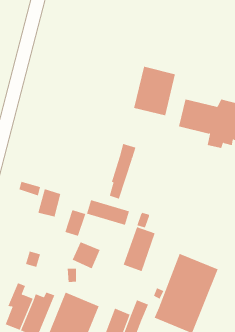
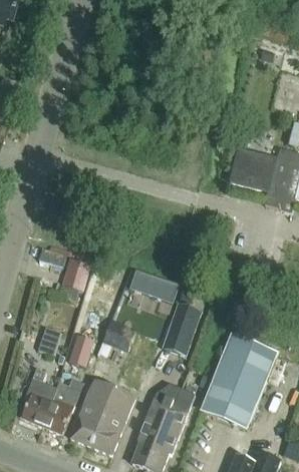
building: [133,66,176,116] -> none
building: [109,143,136,200] -> none
building: [64,210,86,236] -> [68,334,94,366]

